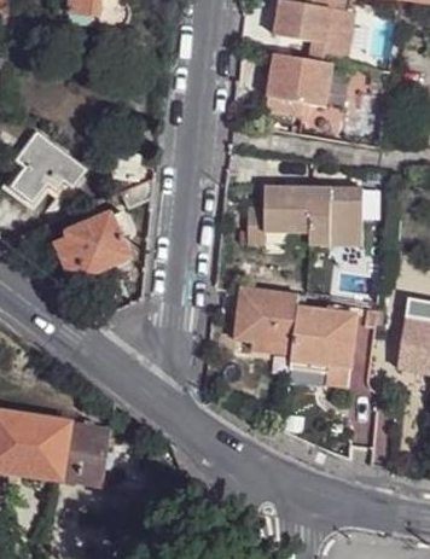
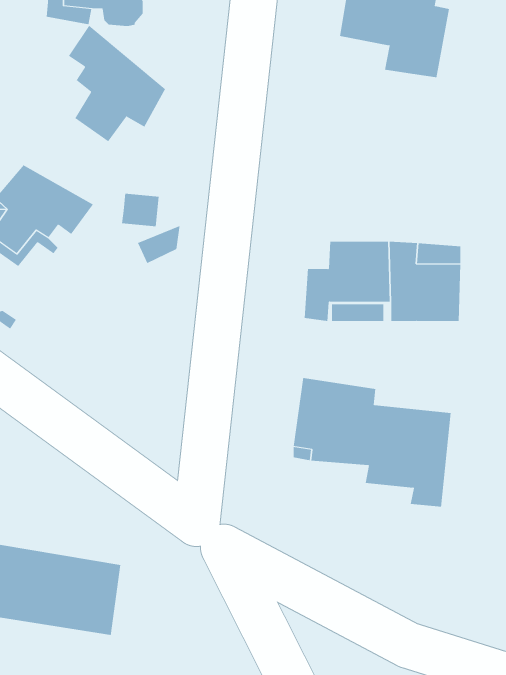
building: none -> [68,25,166,142]
building: [262,51,329,111] -> none
building: [50,204,128,270] -> none

